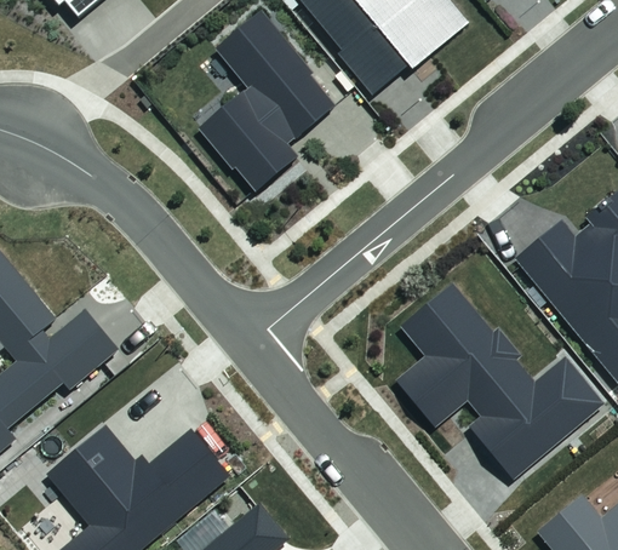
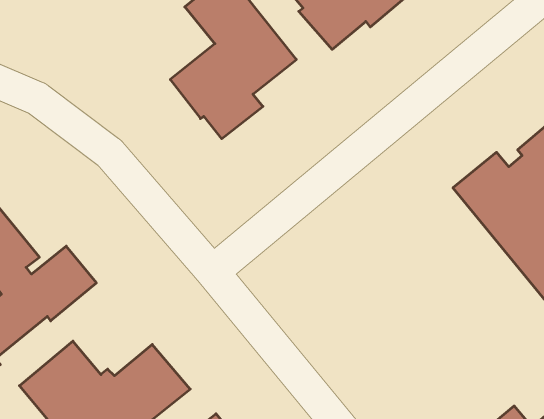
building: [393,276,602,474] -> none

